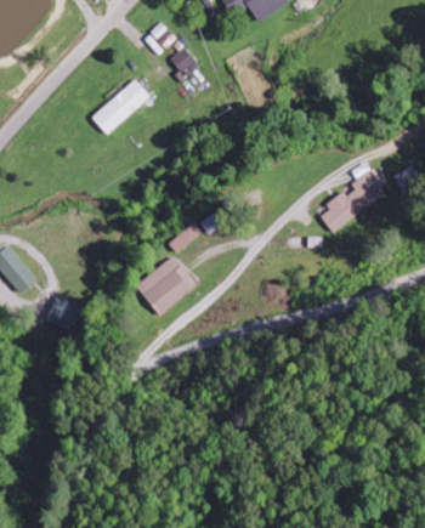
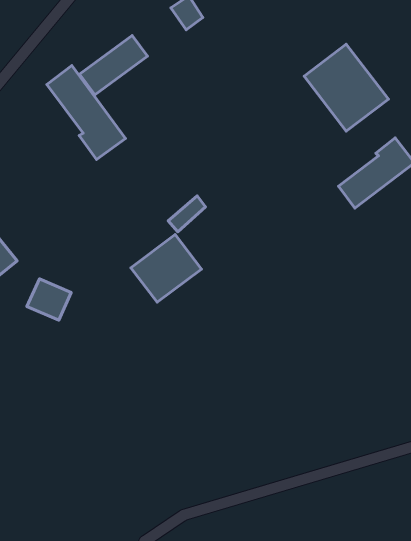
building: none -> [304,44,388,131]
building: none -> [47,66,126,160]

